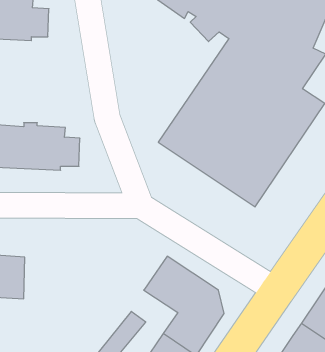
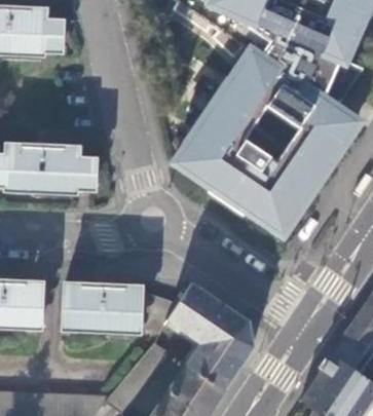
building: none -> [61,283,174,334]

